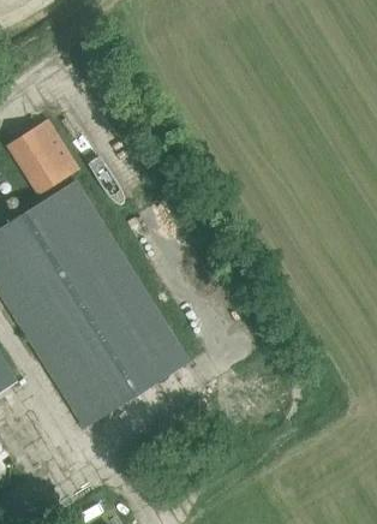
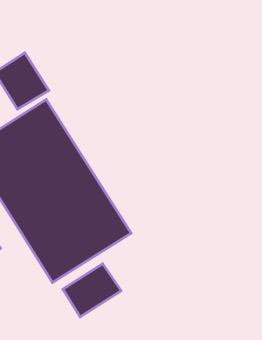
building: none -> [63,264,121,317]

